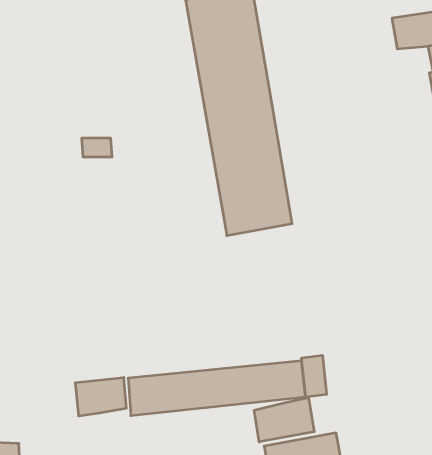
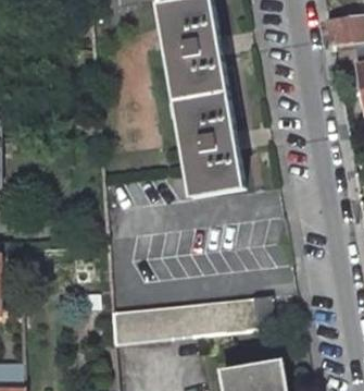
building: [75,377,126,416] -> none
building: [254,398,314,442] -> none

